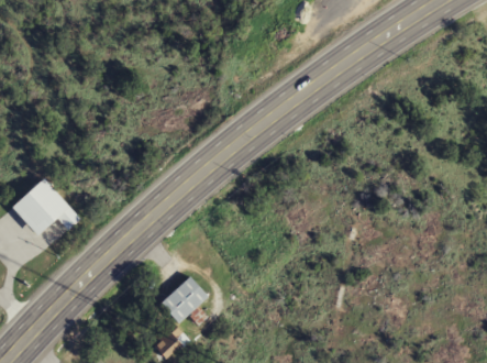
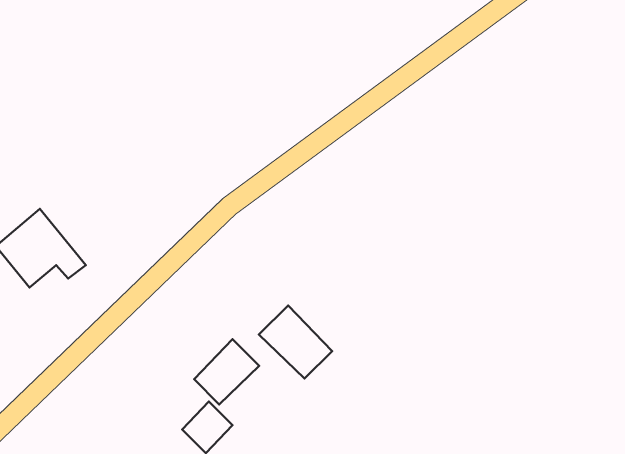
building: none -> [259,305,332,379]

